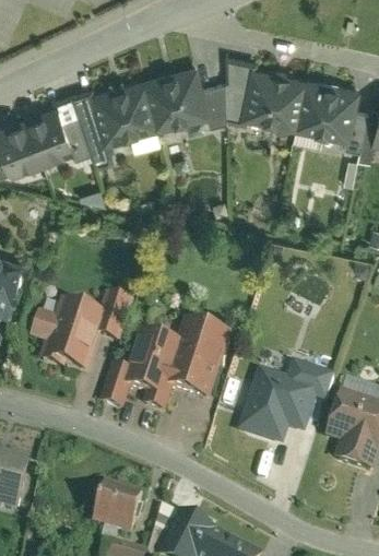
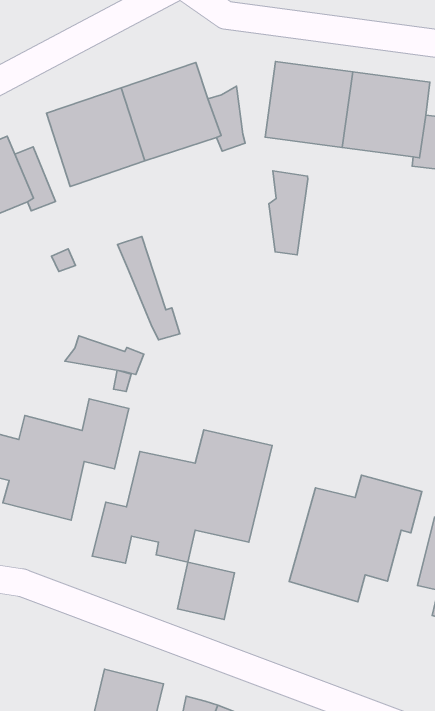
building: [223,57,251,117] -> [269,171,308,255]
building: [71,90,110,163] -> [118,237,180,340]
building: none -> [65,336,144,374]
building: none -> [178,562,235,619]

